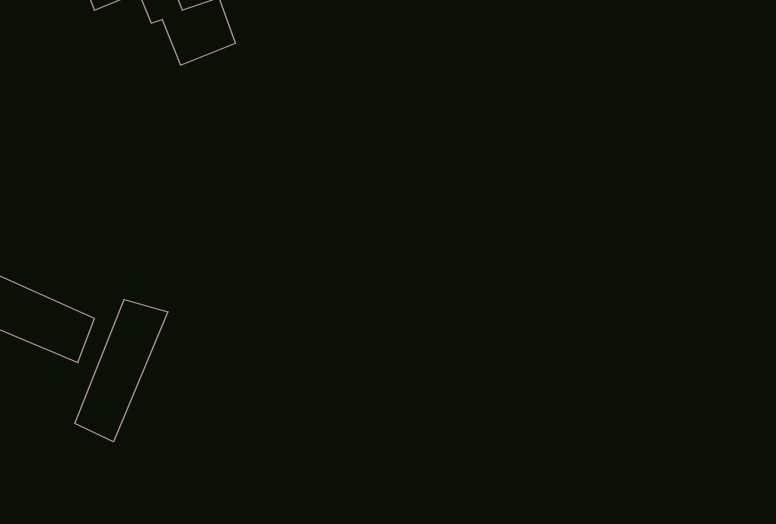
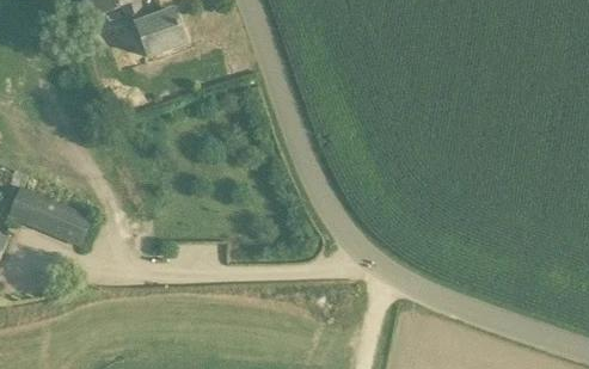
building: [75,300,168,442] -> none

